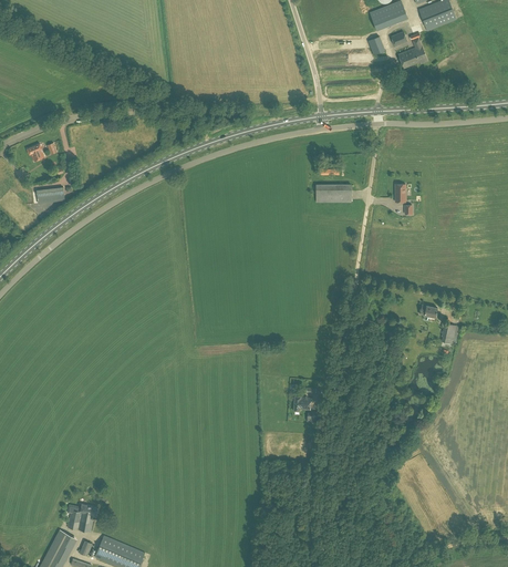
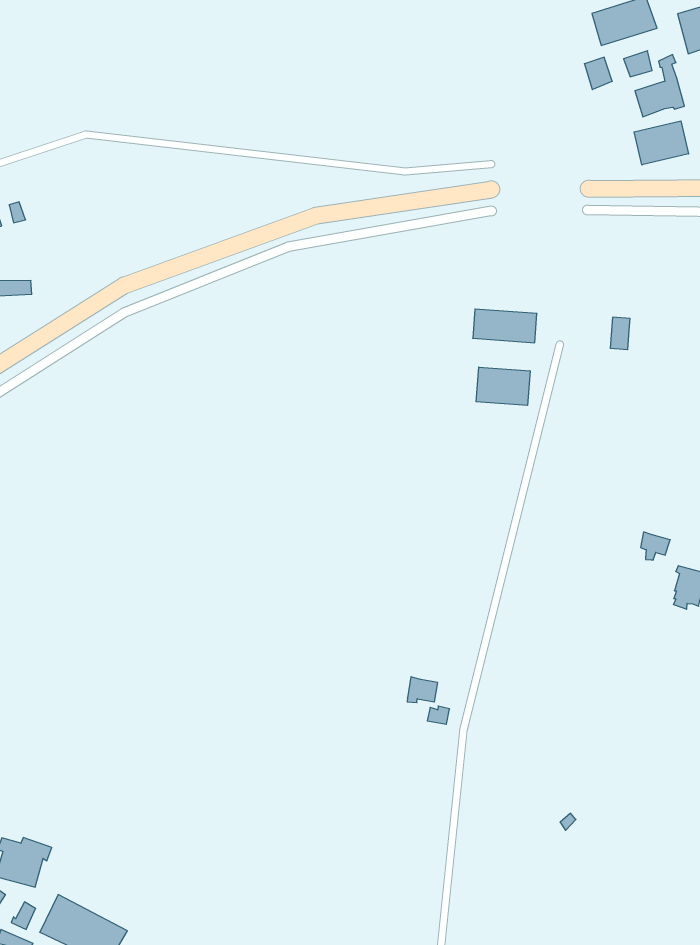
building: none -> [634,121,689,165]
building: none -> [476,367,530,405]

